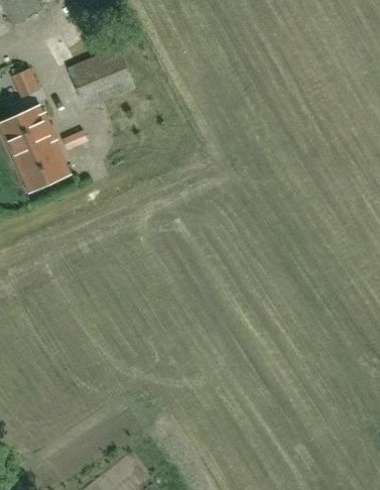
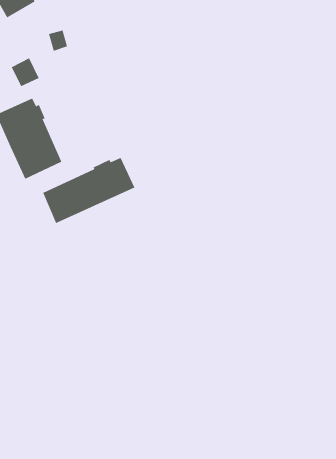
building: [66,43,134,107] -> none
building: none -> [42,157,135,224]

